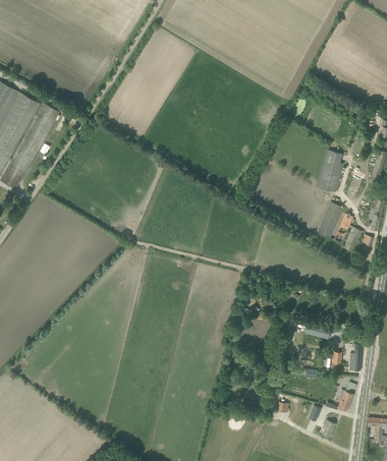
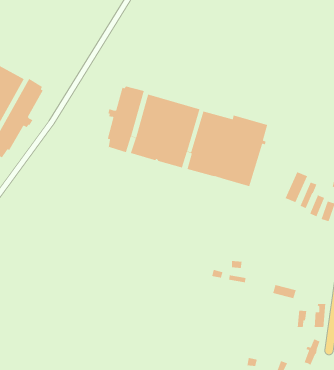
building: none -> [107,86,268,187]
building: [315,149,343,192] -> none

